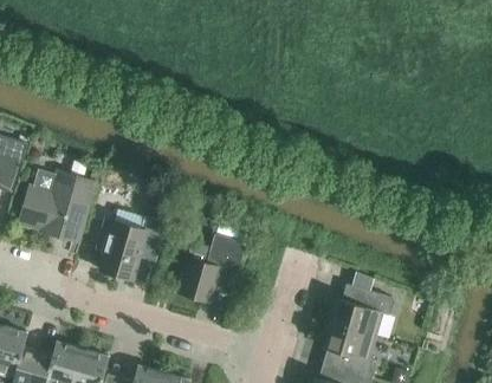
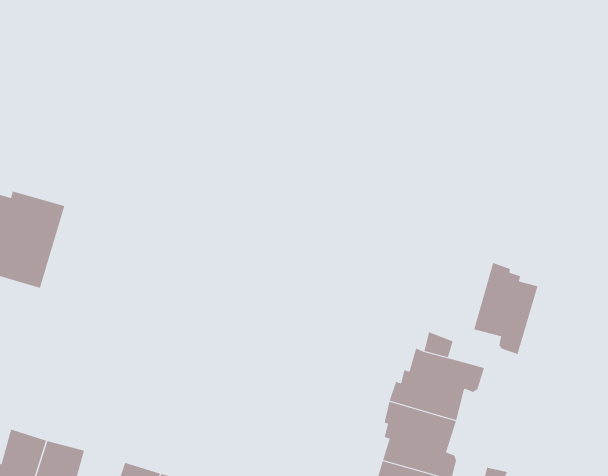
building: [97,207,170,279] -> none
building: none -> [473,262,538,355]
building: [177,233,246,301] -> none

